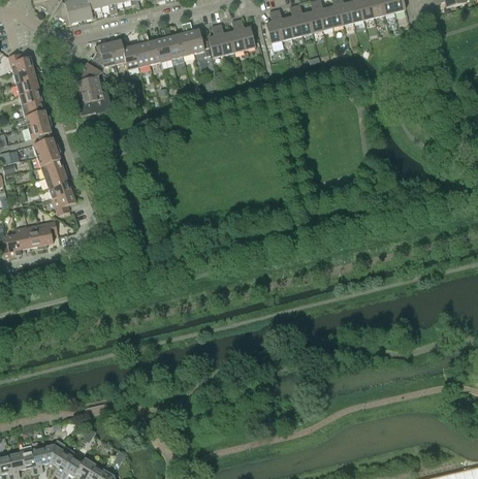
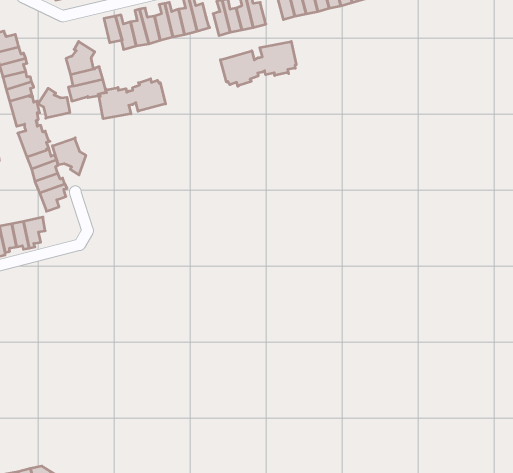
building: [87,41,115,71] -> none
building: none -> [220,41,296,86]
building: none -> [99,79,166,119]
building: none -> [38,88,70,118]
building: none -> [52,138,86,175]

